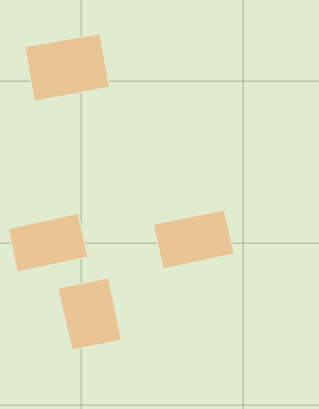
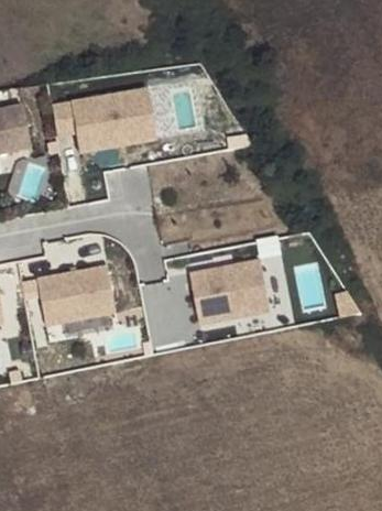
building: [58,278,122,350] -> none

